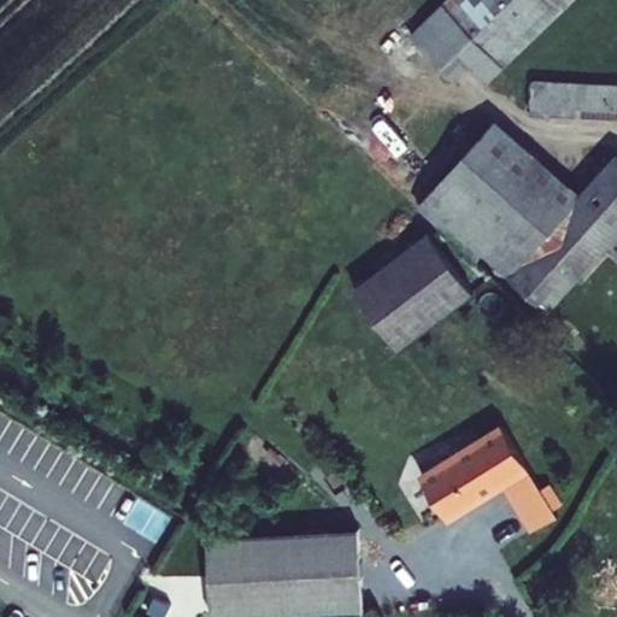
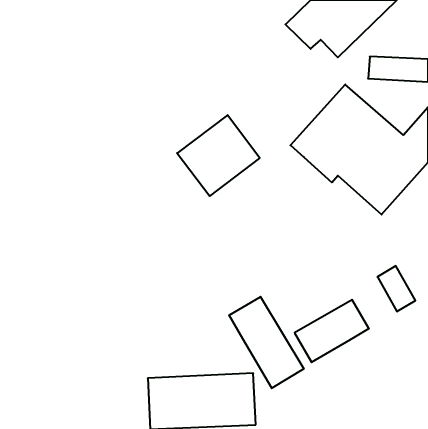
building: [352,237,470,353] -> [177,115,260,196]
building: none -> [229,297,304,388]
building: [500,472,554,537] -> [377,266,415,311]

